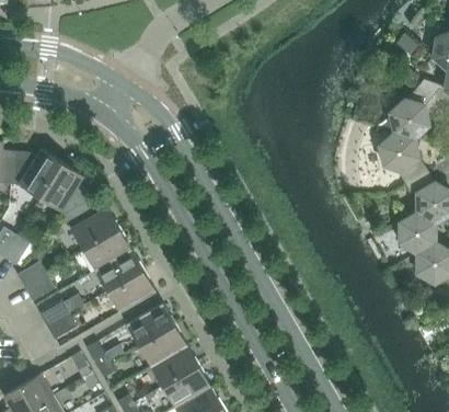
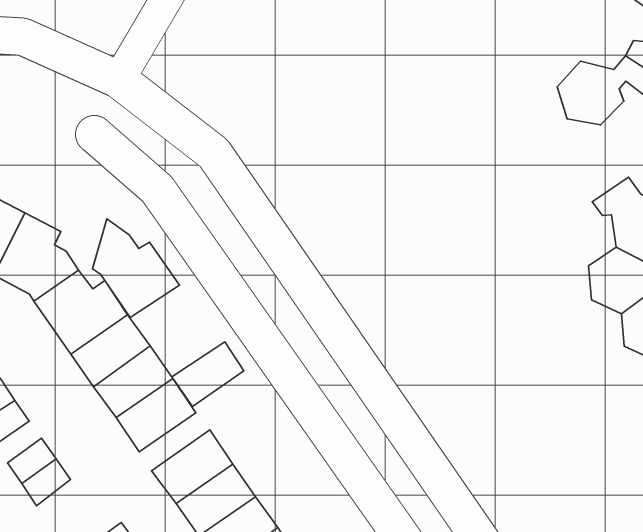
building: [378,133,427,184] -> none
building: none -> [92,219,179,317]
building: none -> [172,342,244,407]

